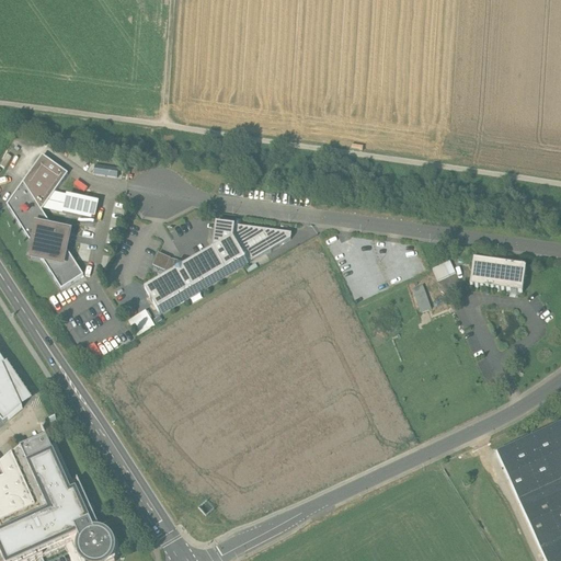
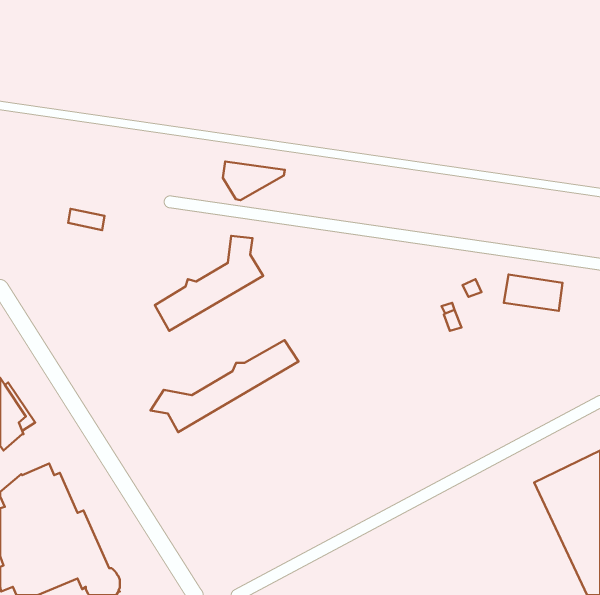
building: [7,152,83,287] -> none
building: [233,222,291,259] -> [223,161,285,200]
building: none -> [151,340,298,432]

